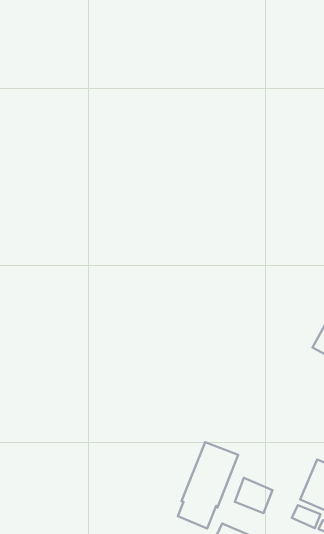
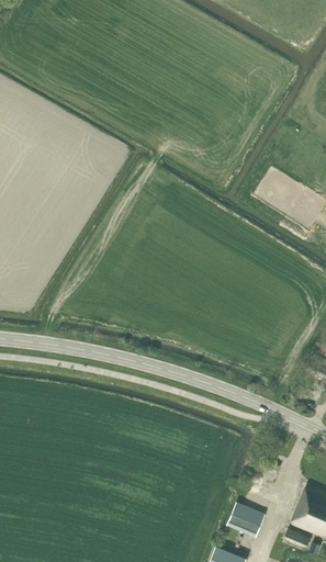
building: [178,442,238,528] -> none

